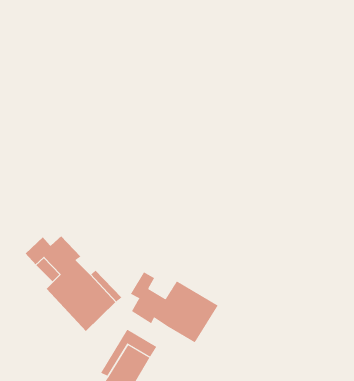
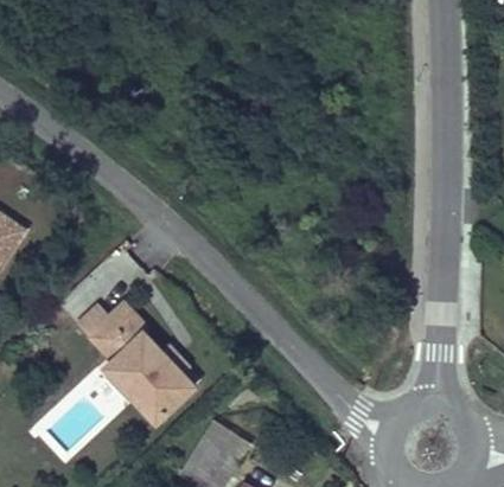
building: [130,272,218,343] -> none

